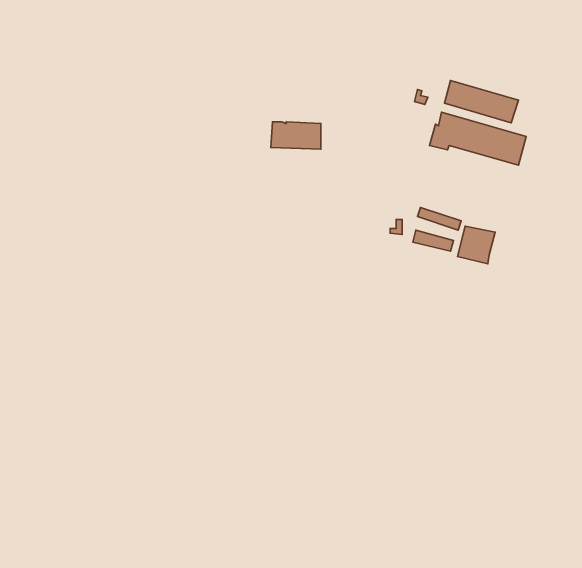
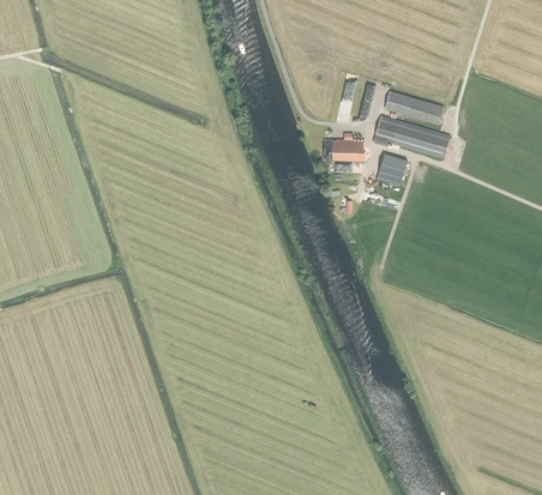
building: [271,122,321,149] -> [323,139,362,161]
building: [457,226,495,264] -> [378,153,408,183]

